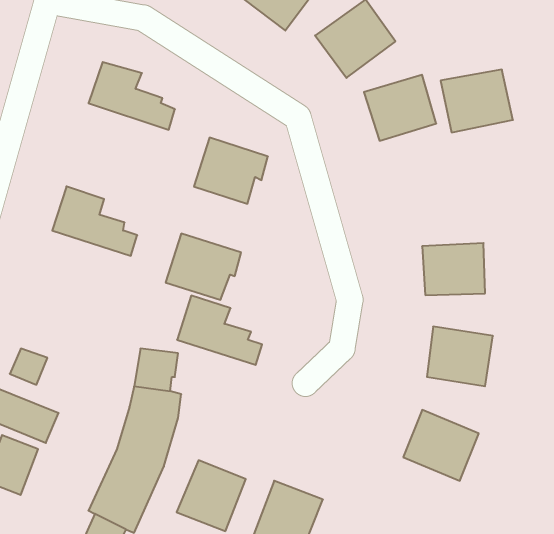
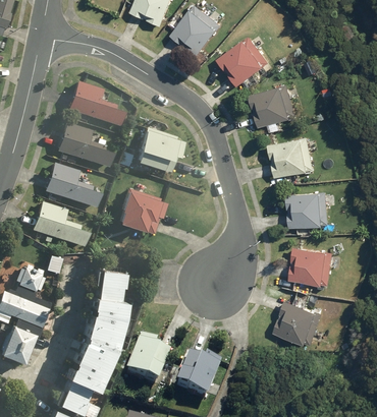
building: [441,70,513,132] -> [267,142,314,183]
building: none -> [60,122,115,167]
building: [177,296,262,365] -> [35,201,90,246]

